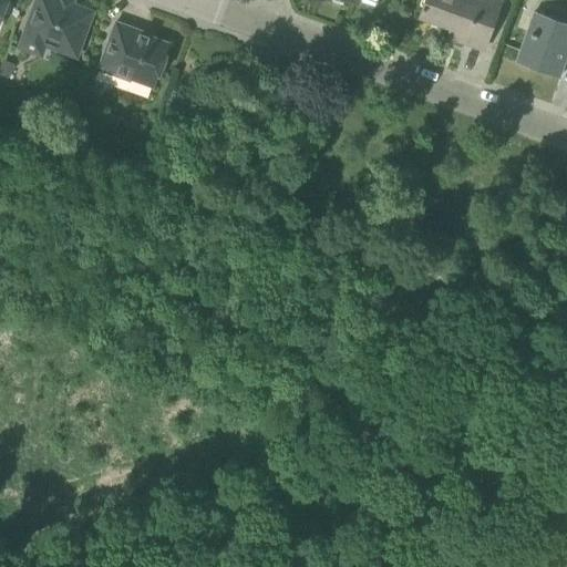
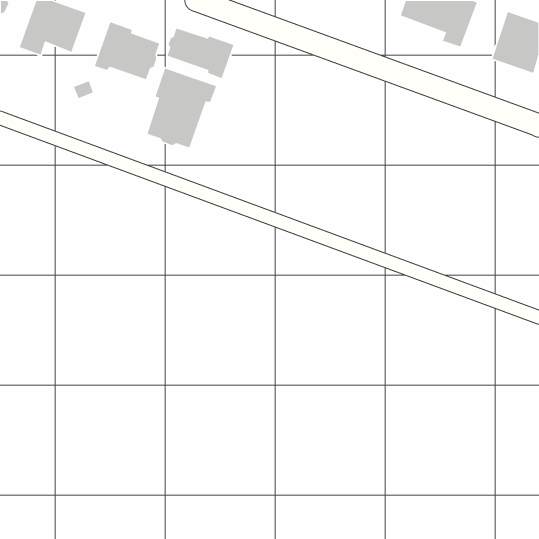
building: none -> [167,27,234,79]
building: none -> [146,67,217,148]

